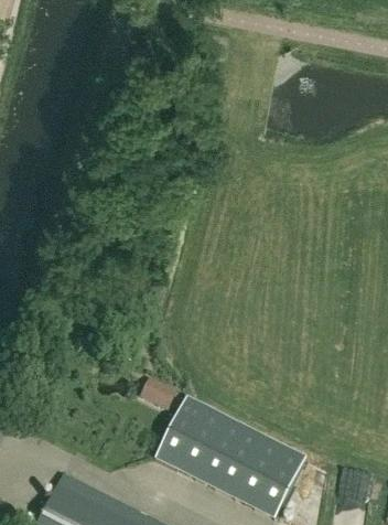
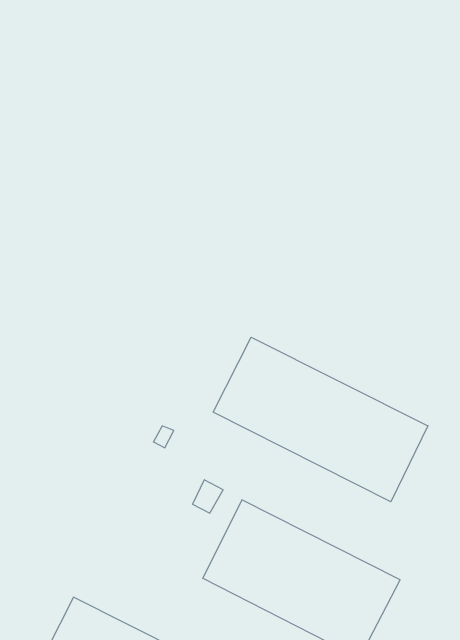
building: none -> [213,337,428,502]

